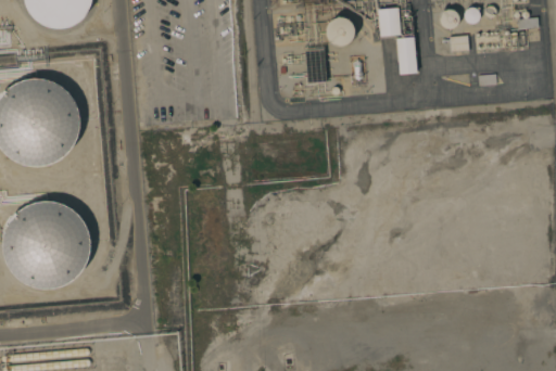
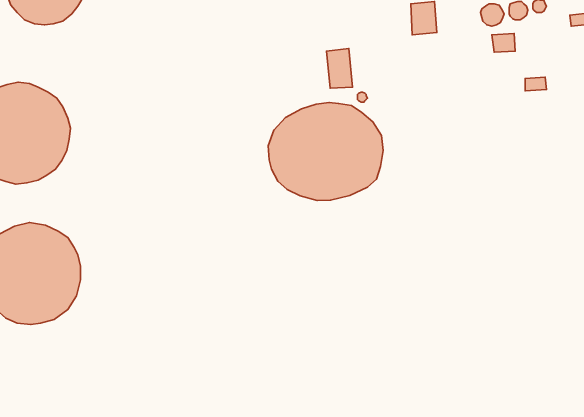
building: [326,17,354,46] -> none
building: [396,37,417,75] -> none
building: none -> [268,103,383,201]

